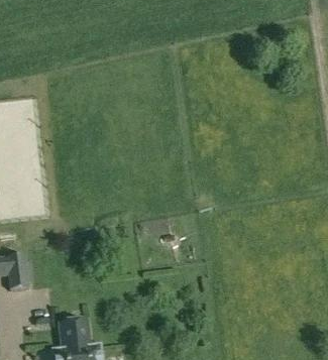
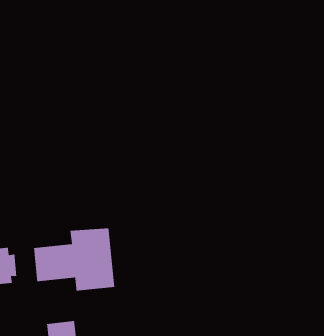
building: none -> [33,227,115,292]

